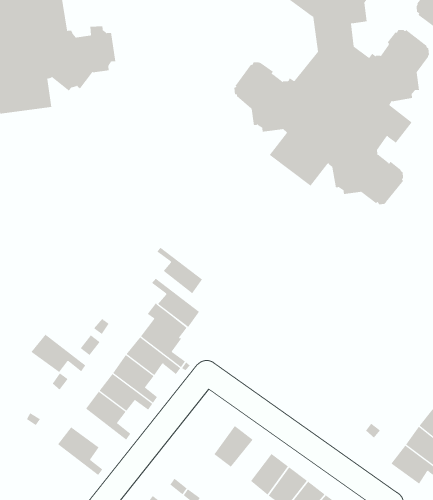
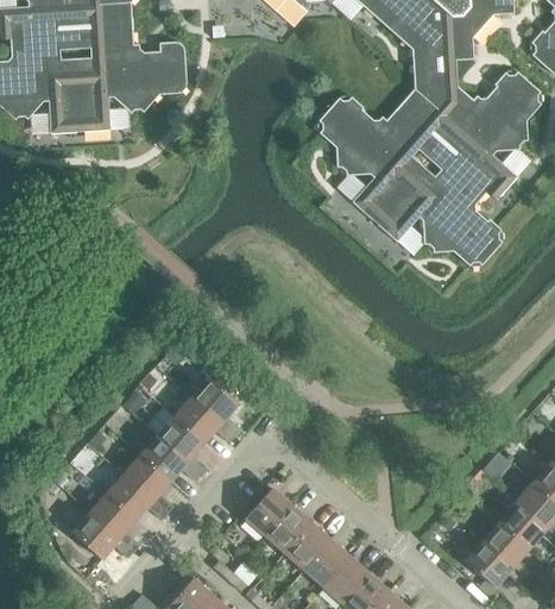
building: [156,247,203,294] -> none
building: [151,278,200,328] -> none
building: [31,334,86,373] -> [106,473,168,520]
building: none -> [245,488,291,535]
building: none -> [284,522,330,569]
building: none -> [71,511,133,559]

